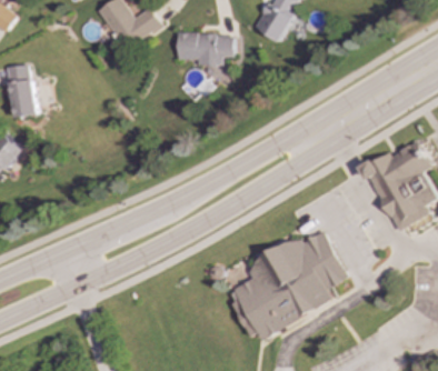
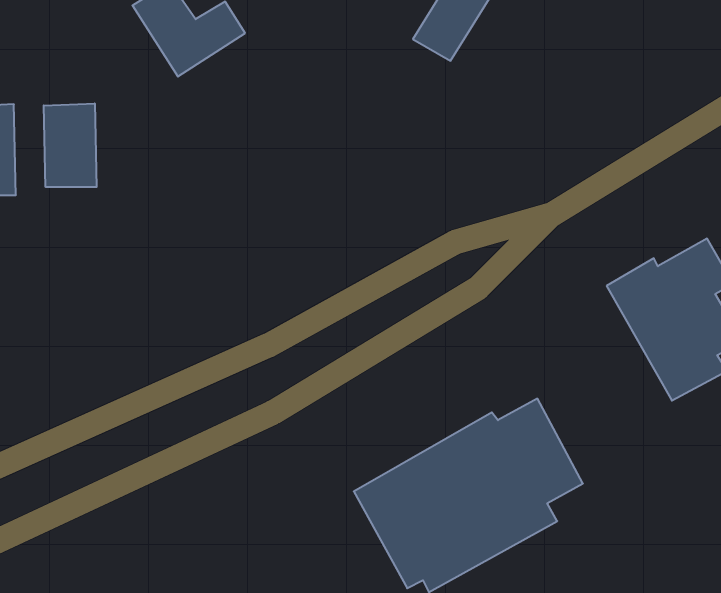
building: [176,32,231,66] -> none
building: none -> [44,103,97,187]

